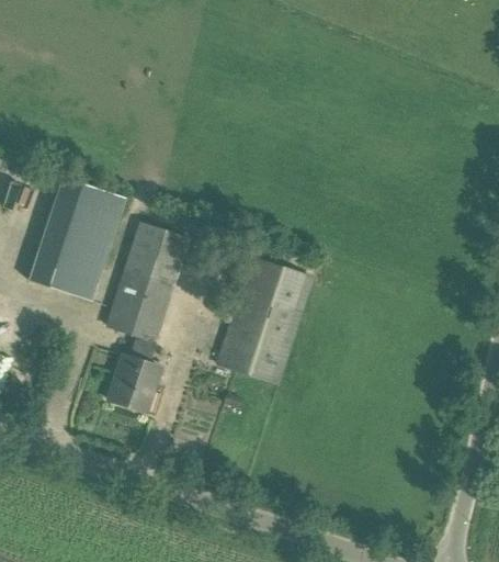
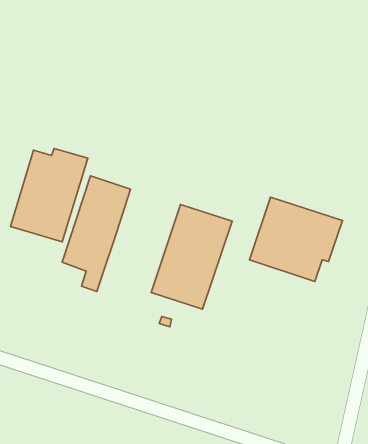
building: none -> [249,197,342,282]
building: [105,355,160,414] -> none

